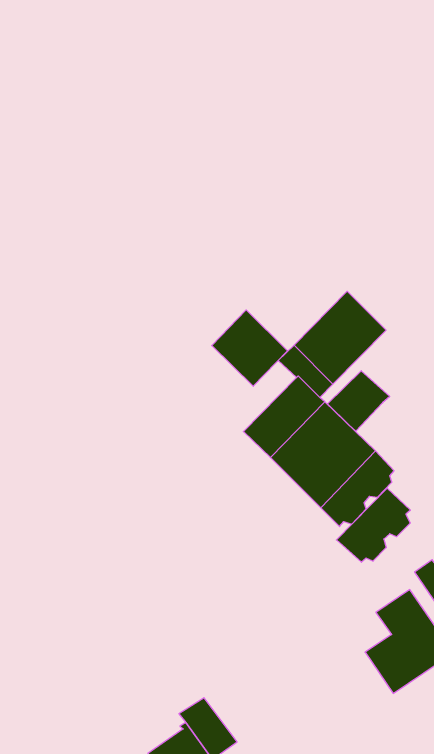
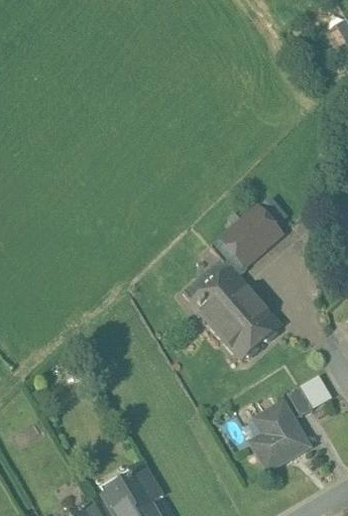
building: [212,310,288,386] -> none
building: [327,371,390,431] -> none
building: [336,488,410,562] -> none

